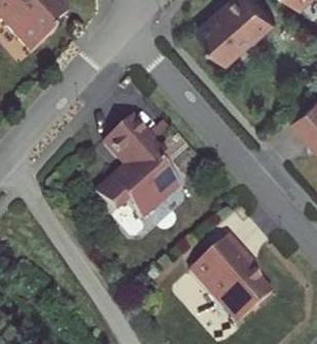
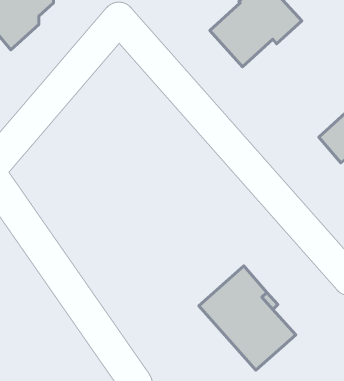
building: [95,117,177,218] -> none

